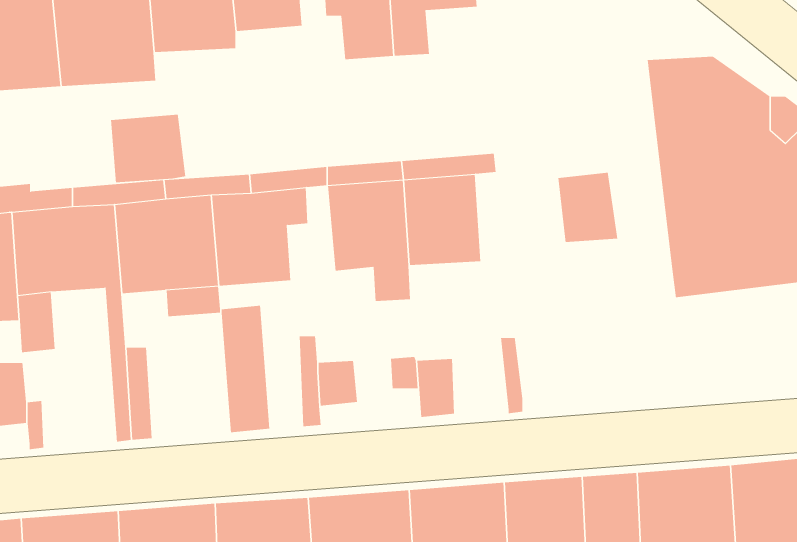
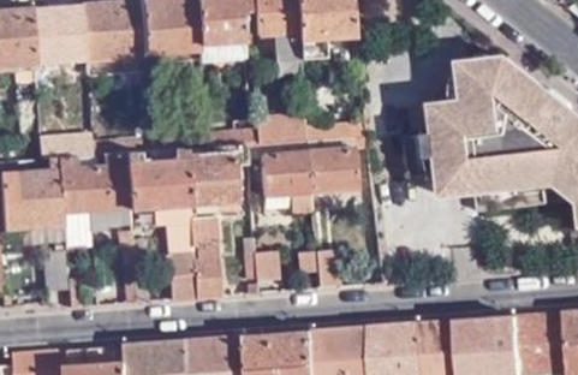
building: [111,114,186,183] -> none
building: none -> [434,101,476,196]
building: none -> [169,251,197,299]

